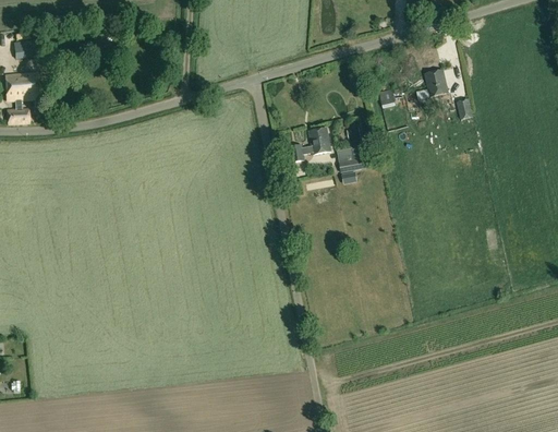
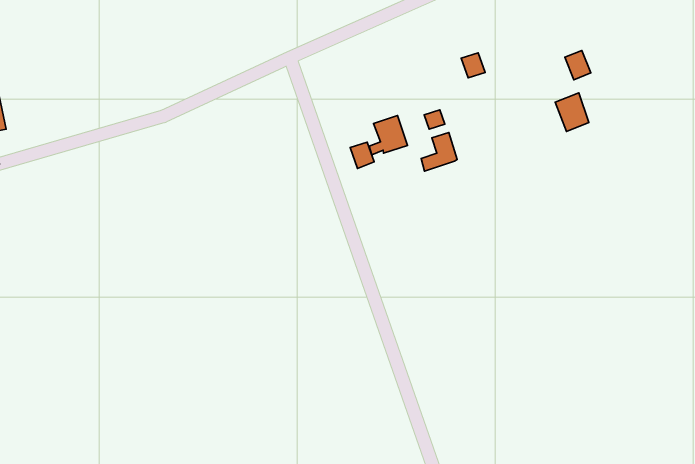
building: [425,68,448,95] -> [555,93,589,132]

